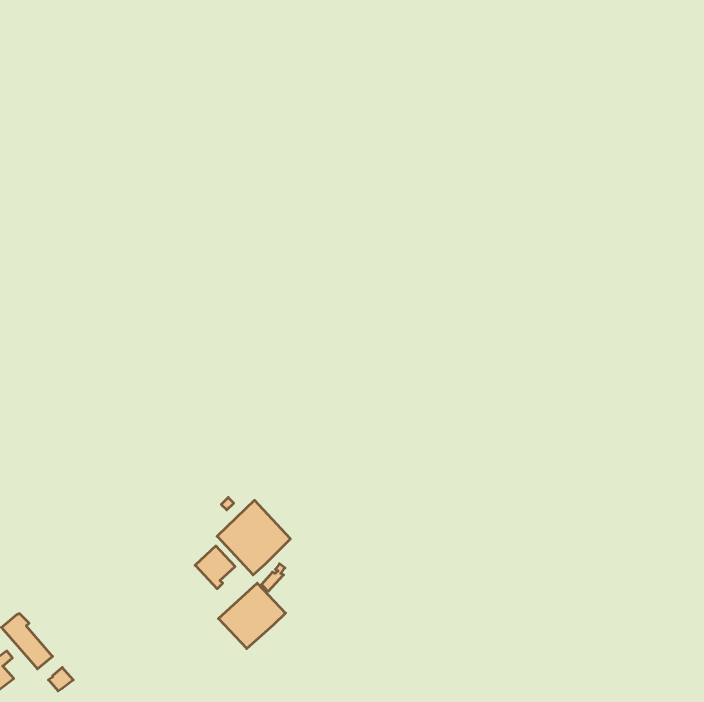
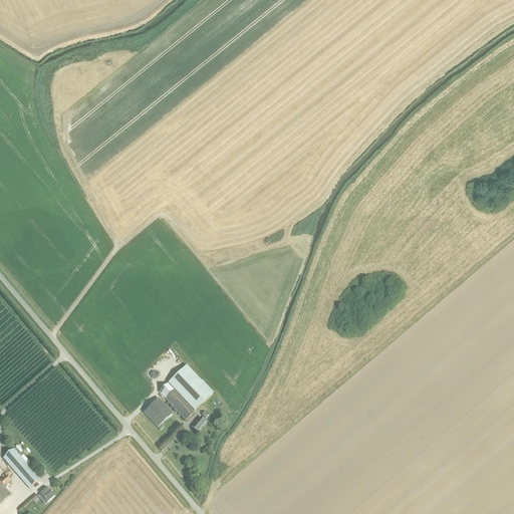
building: [218,583,286,649] -> none

